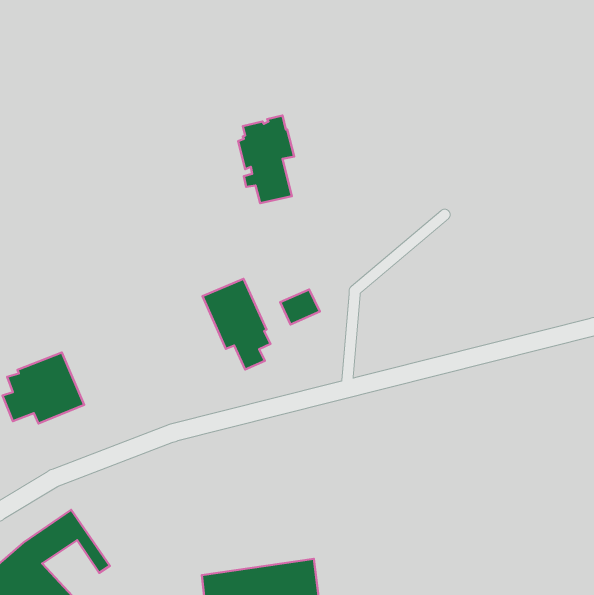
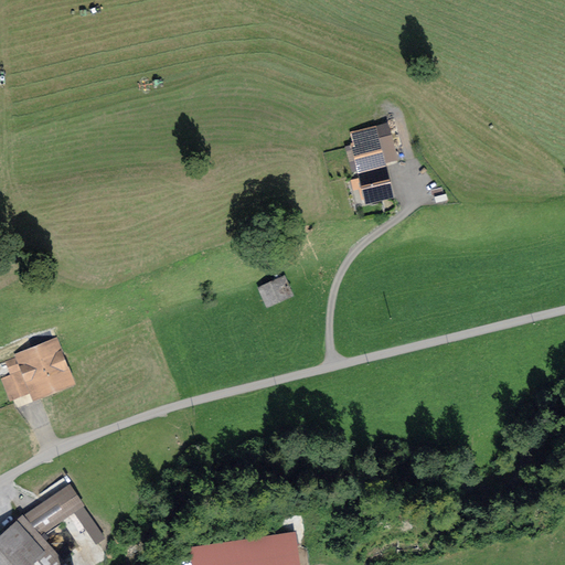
building: [238,116,294,203] -> [340,125,393,207]
building: [203,279,271,370] -> none

